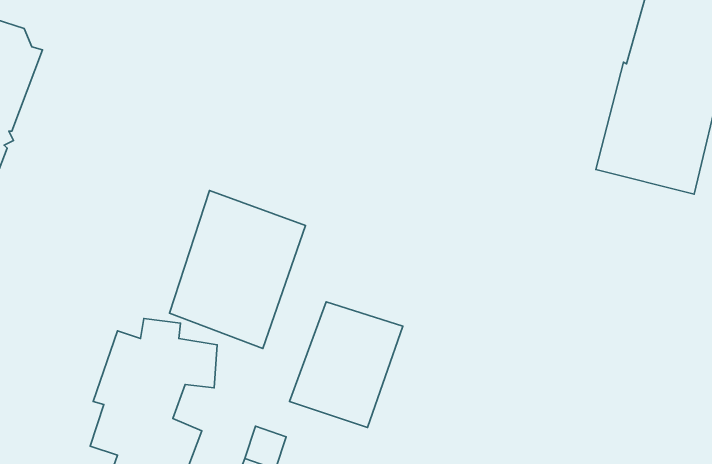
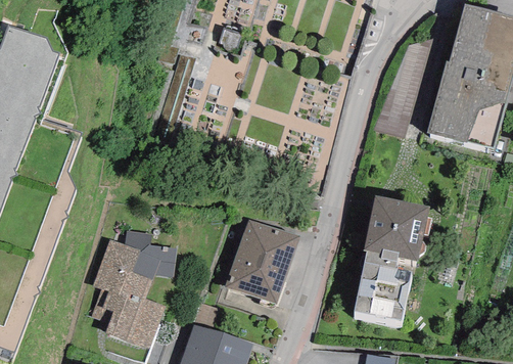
building: [169,191,306,348] -> none
building: none -> [355,195,429,320]

